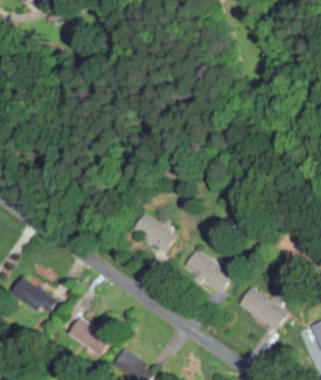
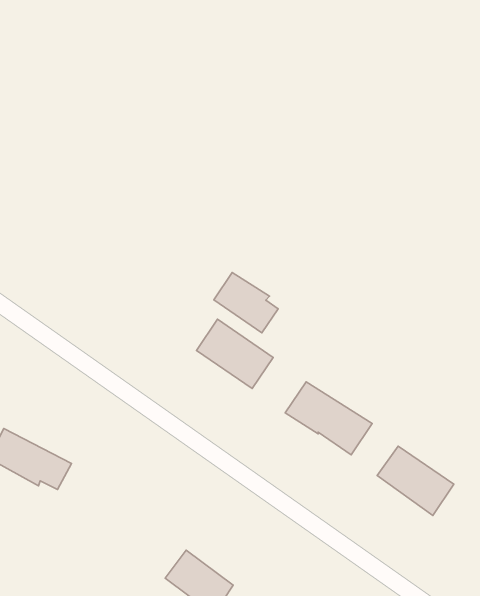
building: none -> [214,272,278,333]
building: [68,320,111,354] -> none

